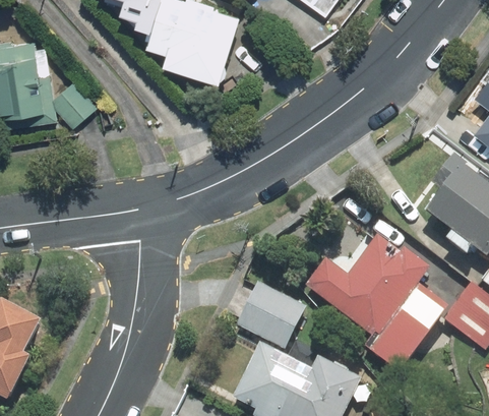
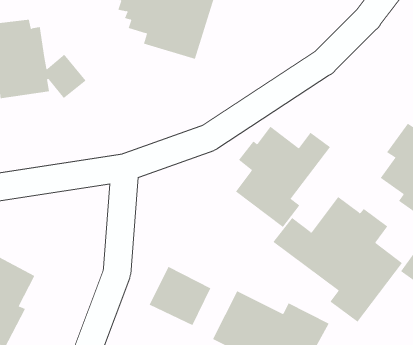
building: none -> [235,126,331,228]
building: [237,282,306,348] -> [149,266,211,326]

